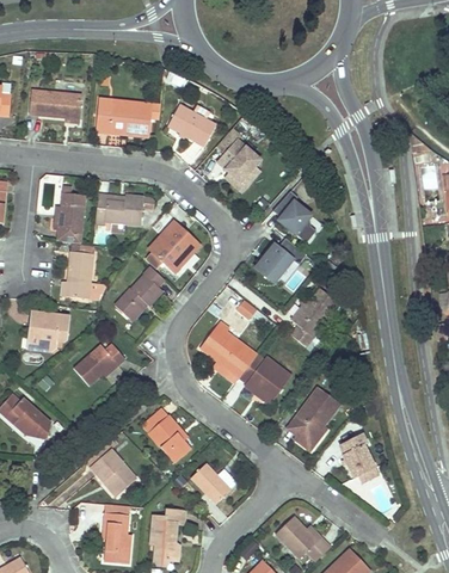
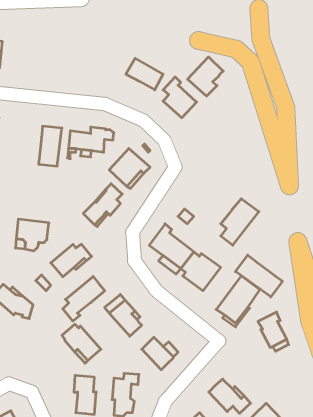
building: [29,90,82,118] -> none
building: [97,98,150,136] -> none
building: none -> [188,57,223,96]
building: [277,199,316,244] -> none
building: [254,238,307,285] -> none
building: [67,247,93,298] -> none
building: none -> [235,255,282,297]
building: none -> [63,276,105,321]

